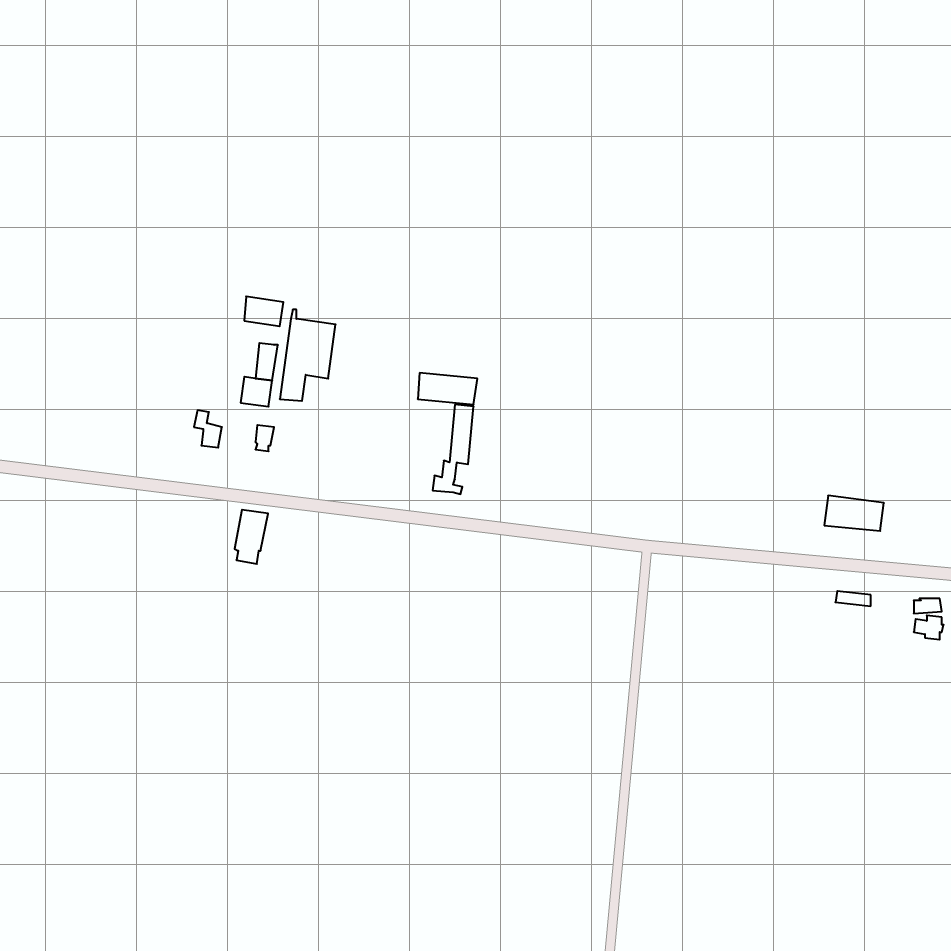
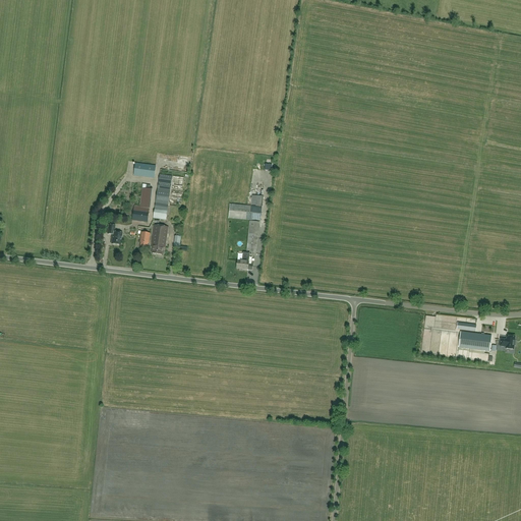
building: [824,496,884,531] -> [458,331,490,350]
building: [235,510,268,564] -> [150,225,168,254]

